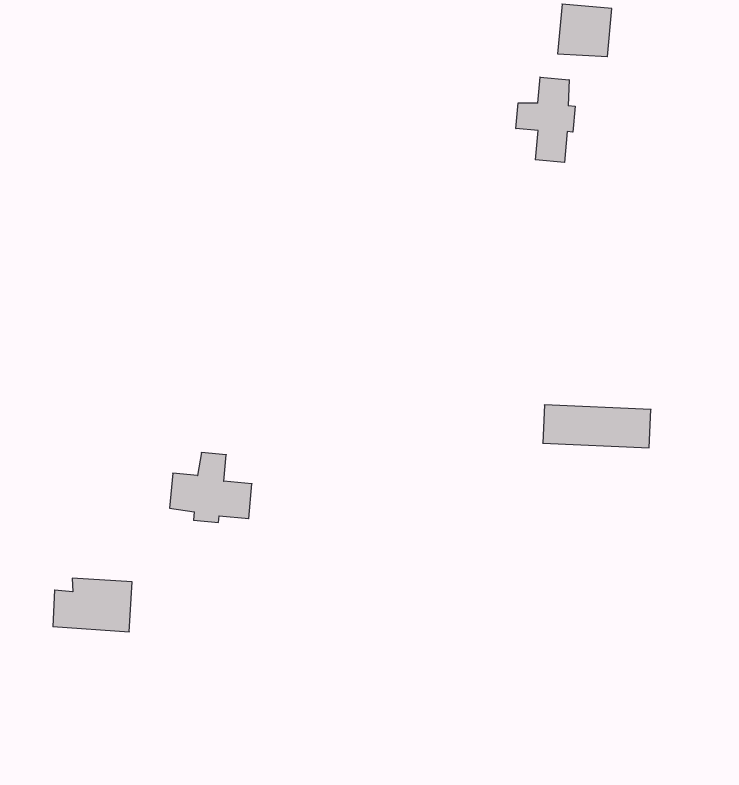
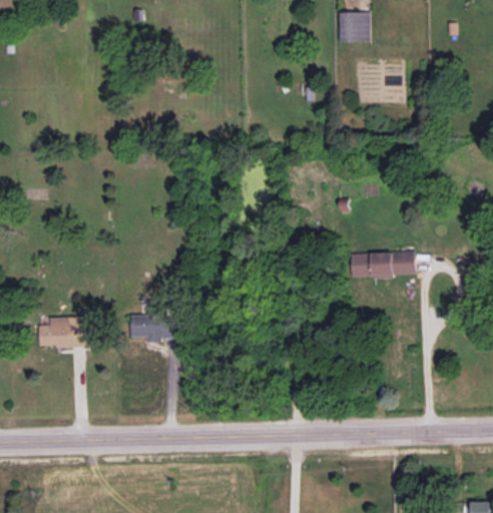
building: [516,77,575,162] -> none
building: [53,578,132,632] -> [38,317,85,348]

